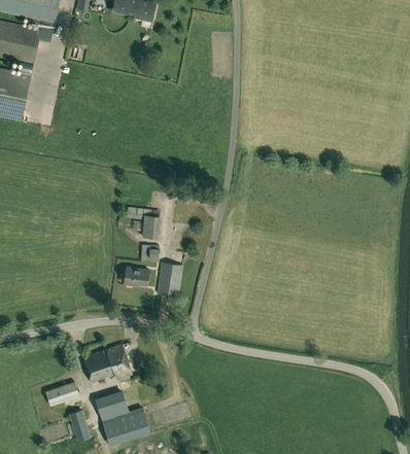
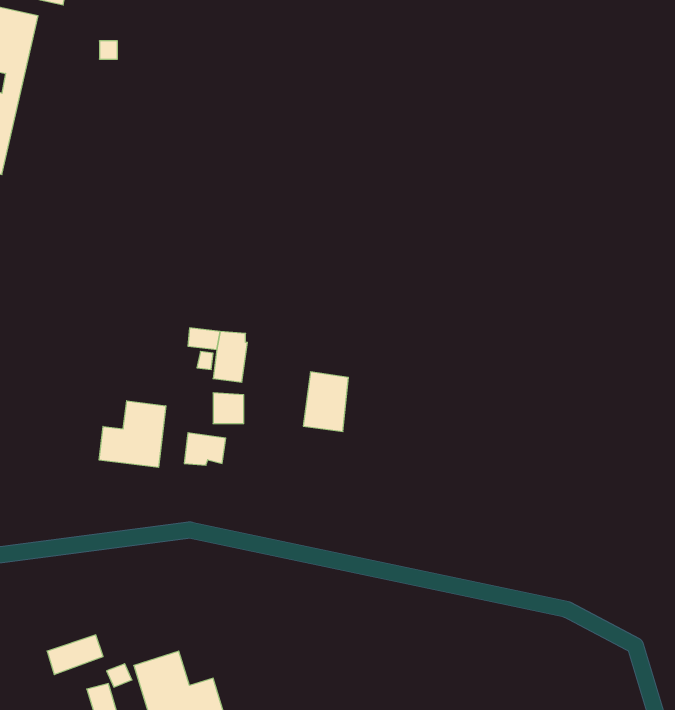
building: none -> [99,401,166,467]
building: [157,263,182,296] -> [303,372,348,432]
building: [83,345,132,383] -> none

